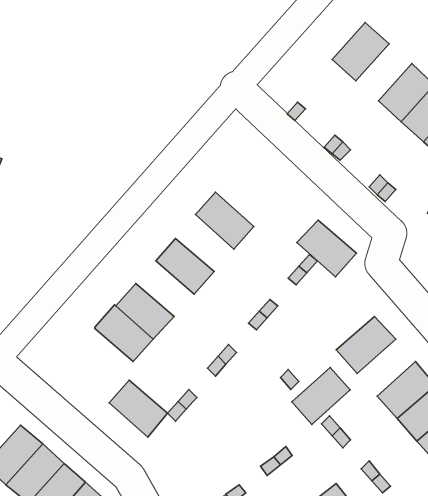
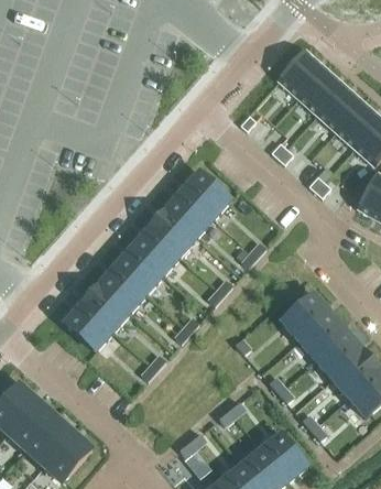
building: none -> [297,66,344,113]
building: none -> [148,208,196,256]
building: [297,220,357,277] -> [181,171,230,218]
building: none -> [115,247,163,293]
building: [292,367,350,424] -> [298,312,347,359]
building: [109,380,168,437] -> [64,303,112,350]

